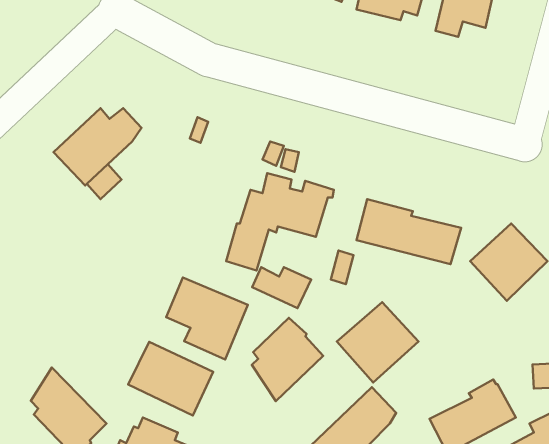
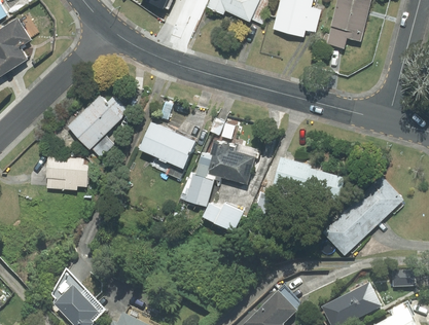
building: none -> [45,156,87,190]
building: [166,278,248,360] -> [139,122,194,178]
building: [337,302,419,382] -> [319,200,374,254]
building: [252,318,323,401] -> none
building: [128,342,213,416] -> none

